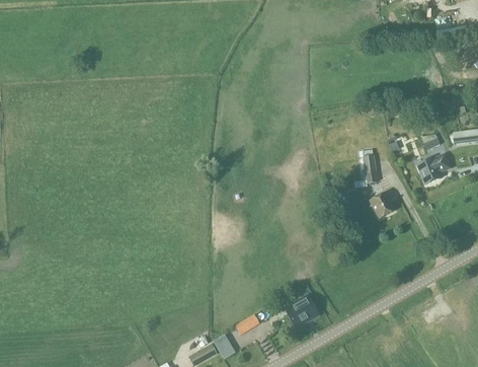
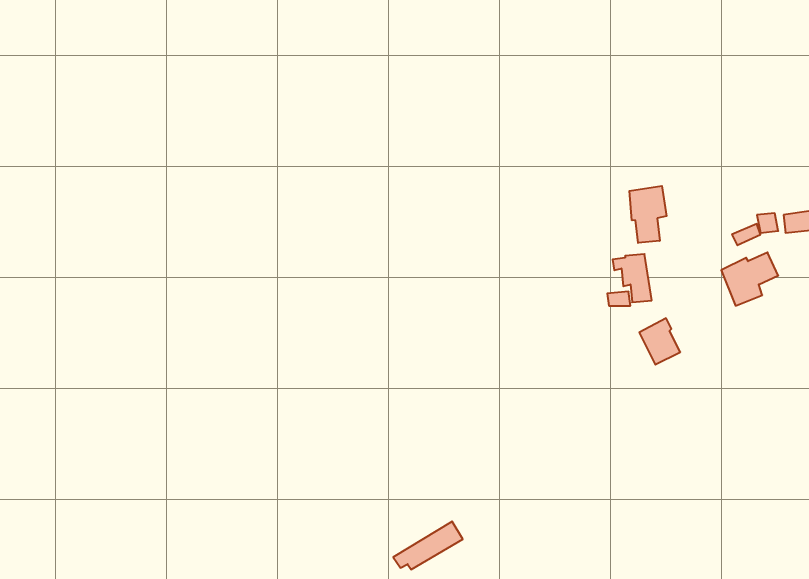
building: none -> [629,186,667,243]
building: [290,295,318,325] -> none

